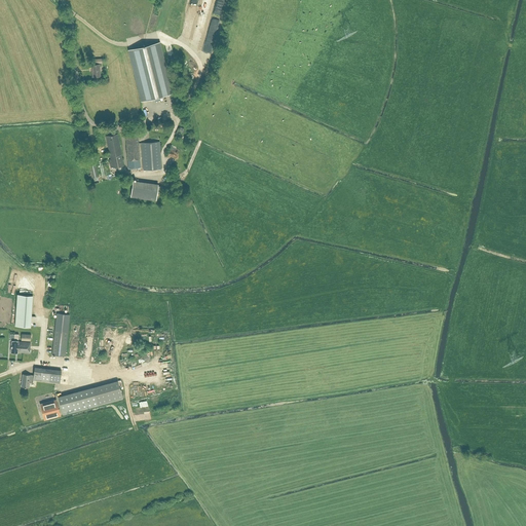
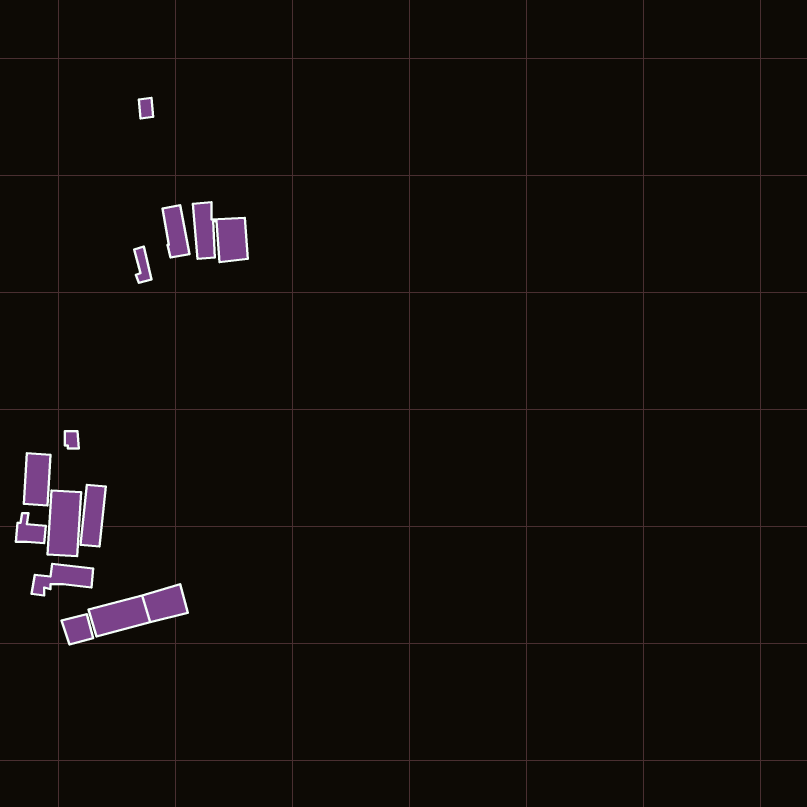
building: [128,42,172,101] -> none
building: [132,183,158,202] -> none
building: none -> [48,491,81,556]

